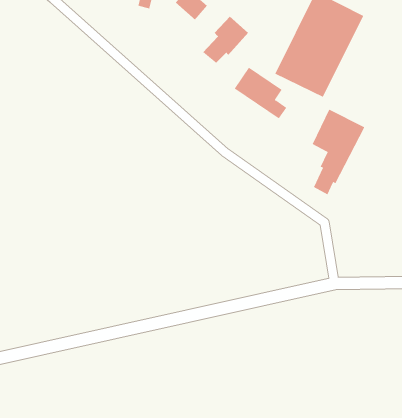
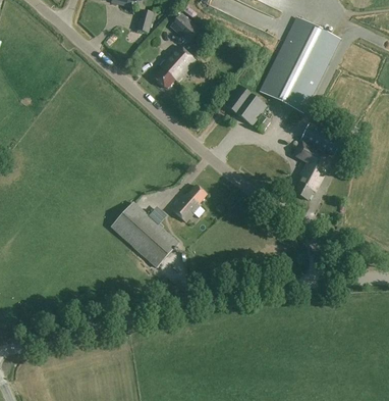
building: [202,16,249,64] -> [154,44,196,87]
building: none -> [171,184,207,220]
building: none -> [110,201,178,267]

